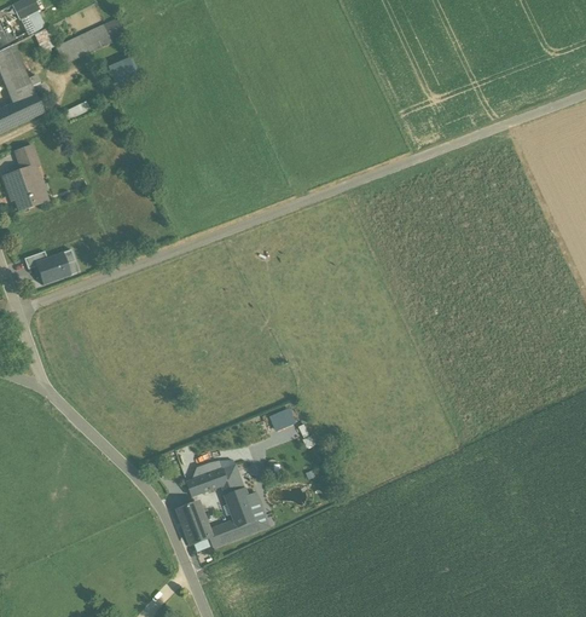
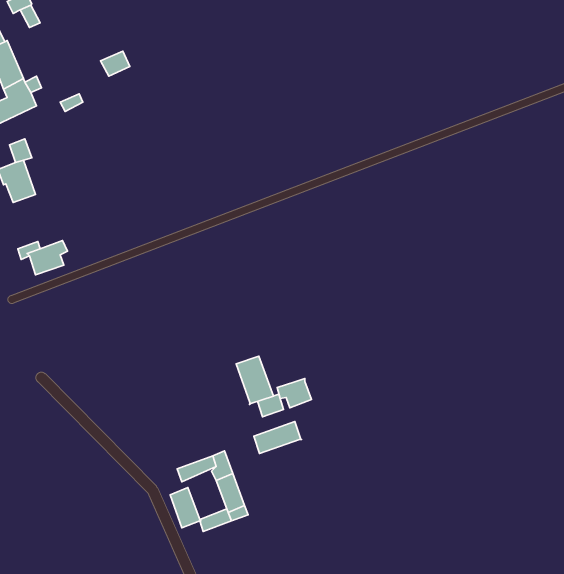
building: [54,24,111,64] -> none
building: none -> [236,356,273,404]
building: none -> [277,378,312,408]
building: none -> [254,421,301,453]

